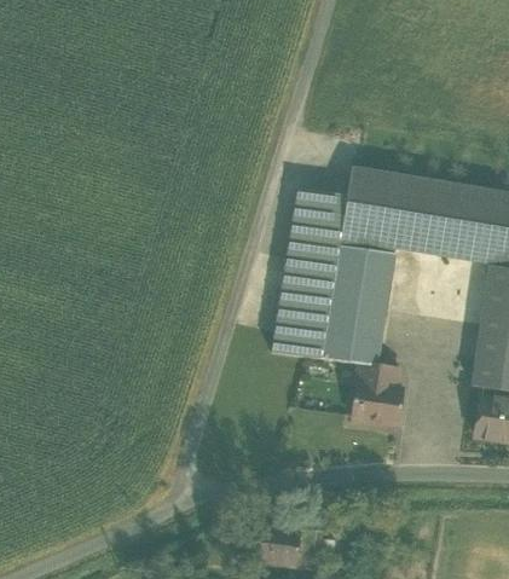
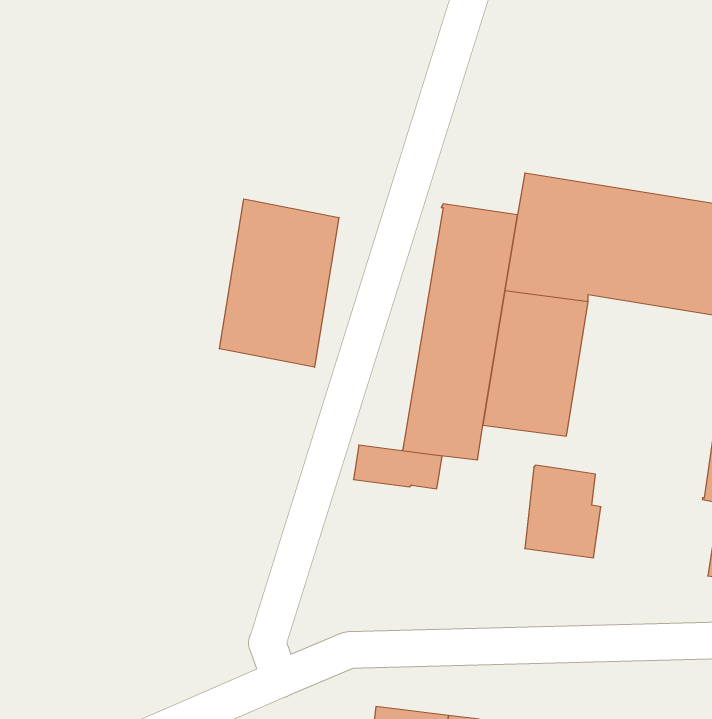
building: none -> [219,199,339,367]
building: [320,335,380,364] -> [353,445,442,489]

